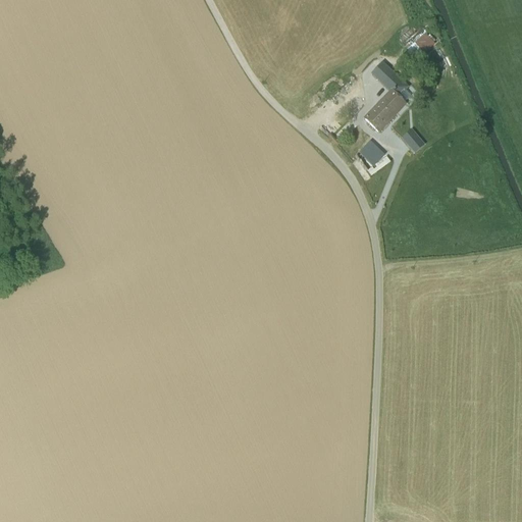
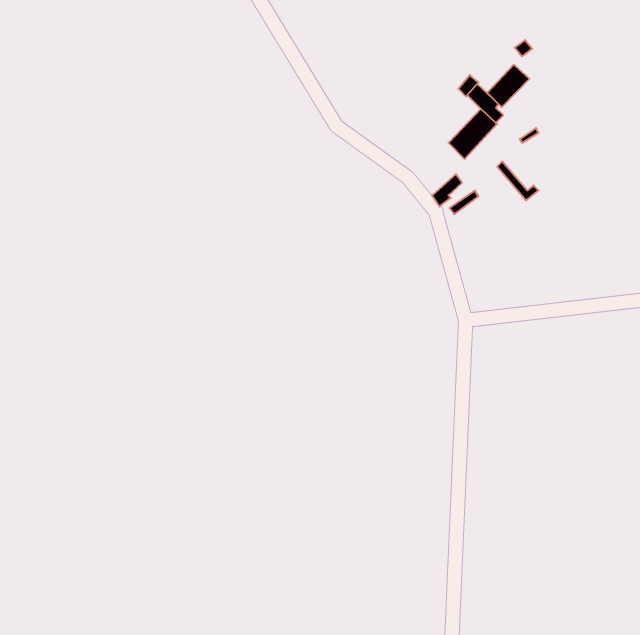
building: none -> [487,65,529,107]

